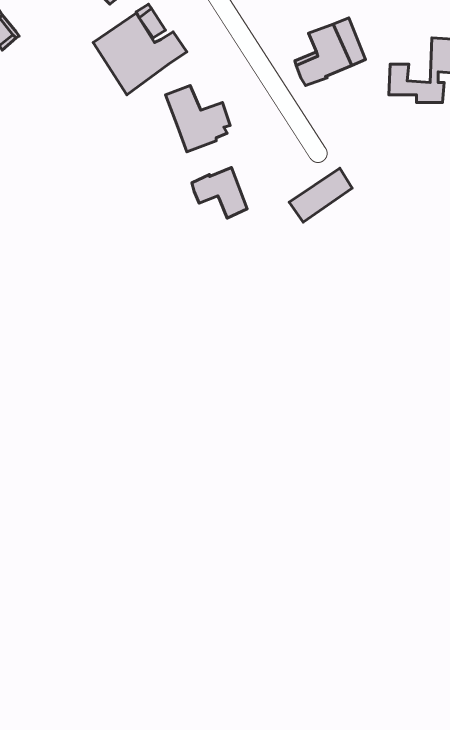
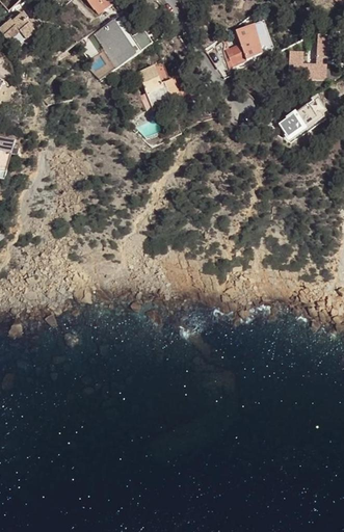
building: [192,167,247,218] -> none
building: [289,168,352,222] -> [279,100,321,136]

